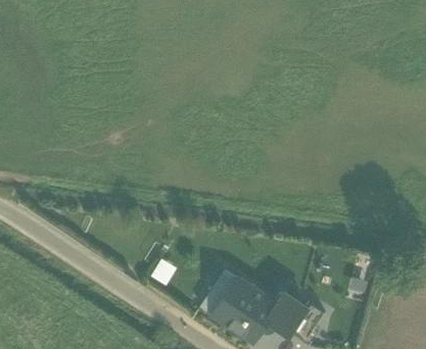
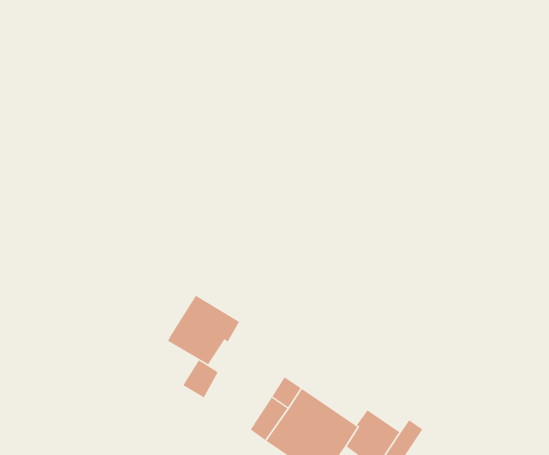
building: none -> [167,295,240,365]

